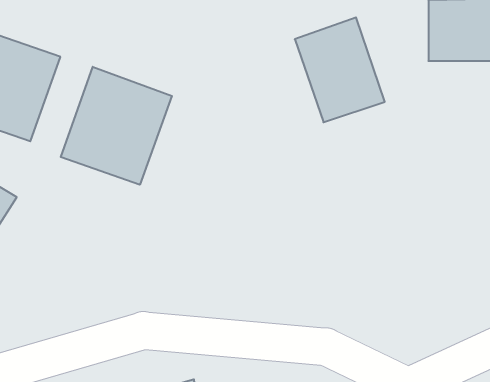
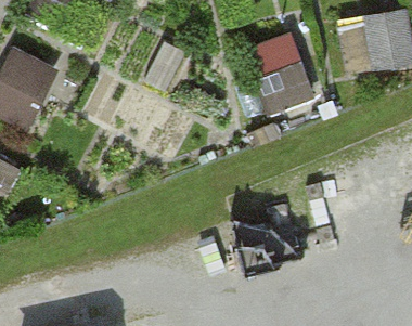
building: [61,67,172,185] -> none

